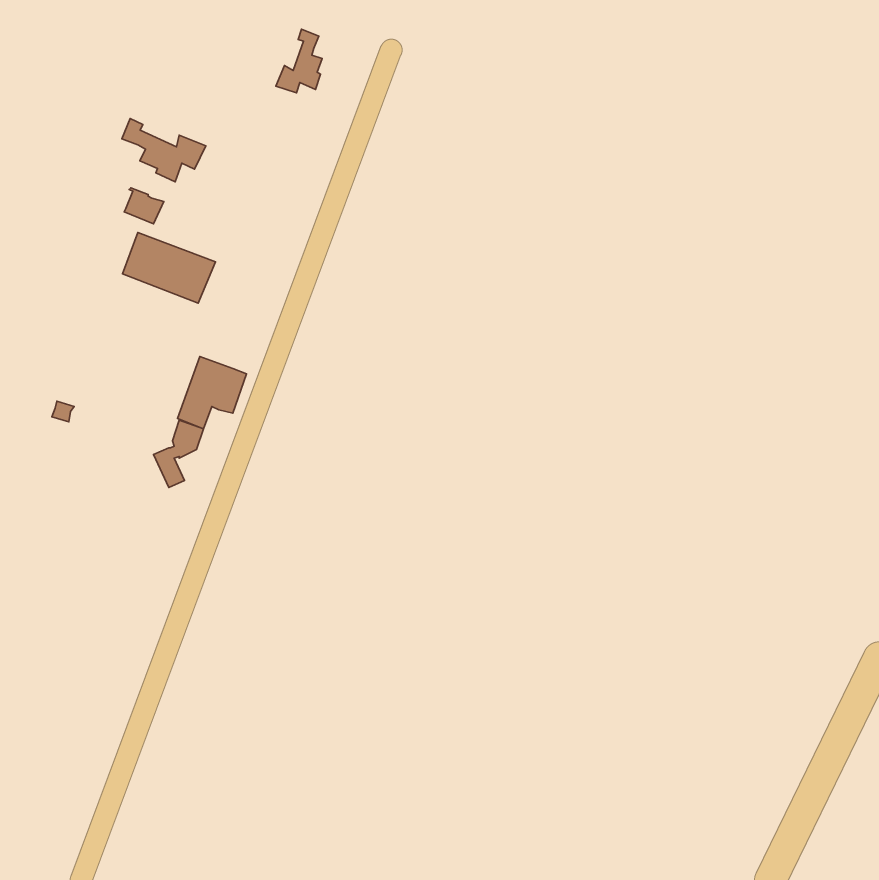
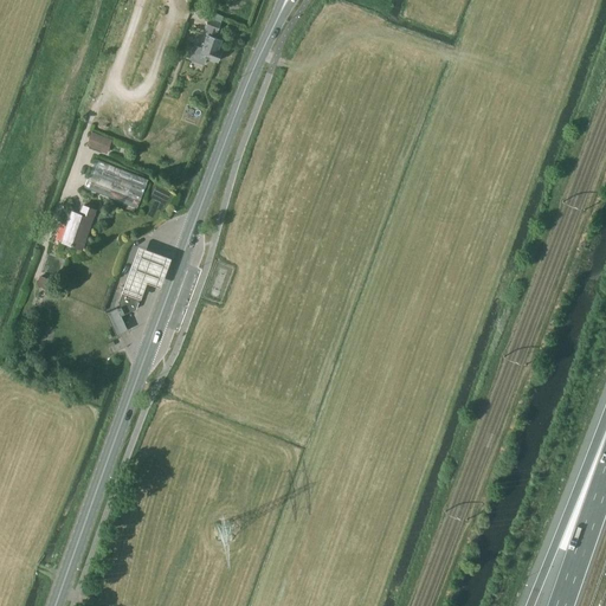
building: [122,118,206,182] -> none
building: none -> [63,204,95,247]

